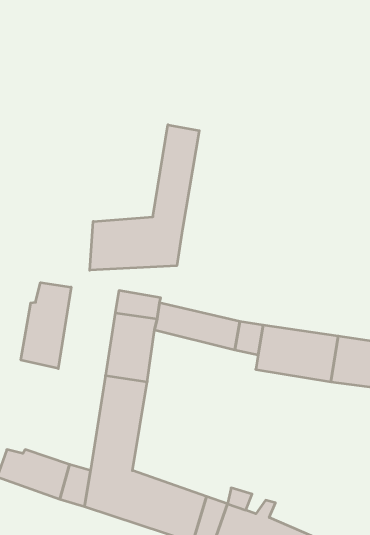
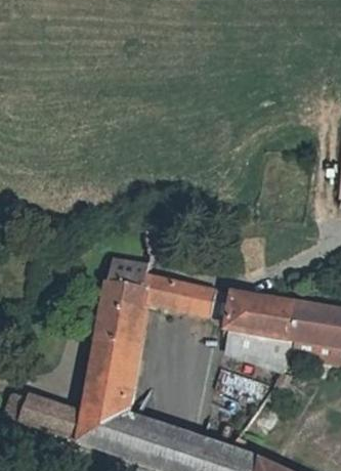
building: [90,125,199,270] -> none
building: [21,283,71,369] -> none

